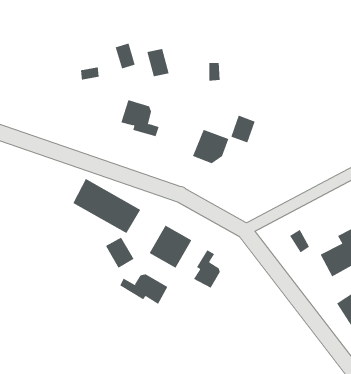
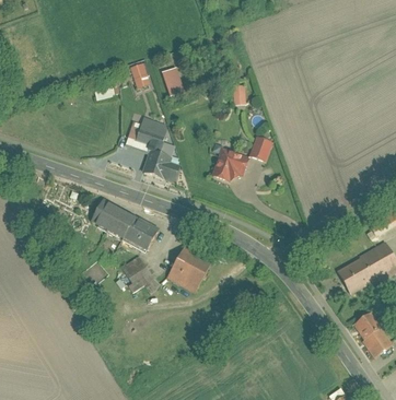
building: none -> [143,151,183,185]
building: [193,250,221,289] -> none
building: [119,274,168,305] -> none

